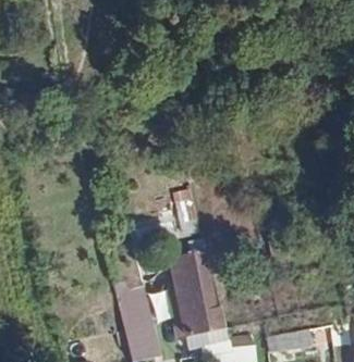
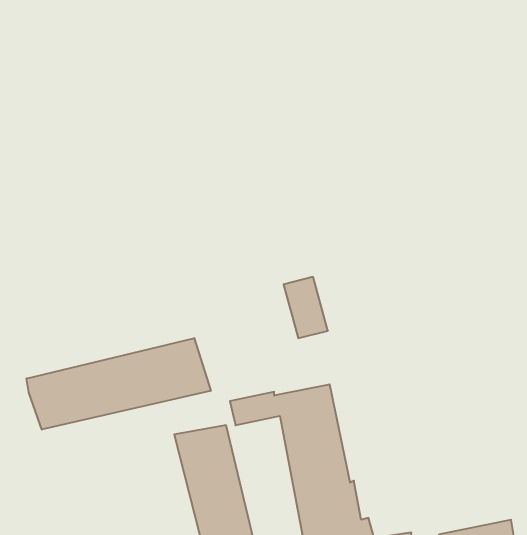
building: none -> [26,338,211,430]

